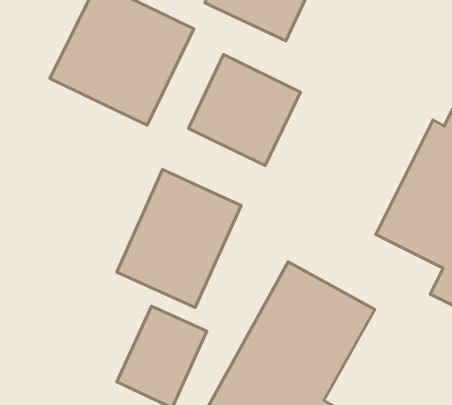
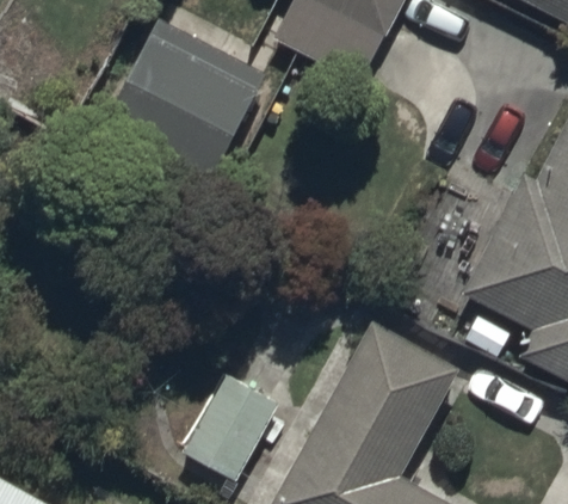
building: [189,55,301,166] -> none
building: [117,169,241,308] -> none

